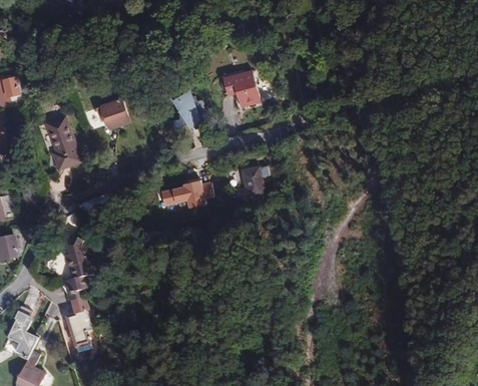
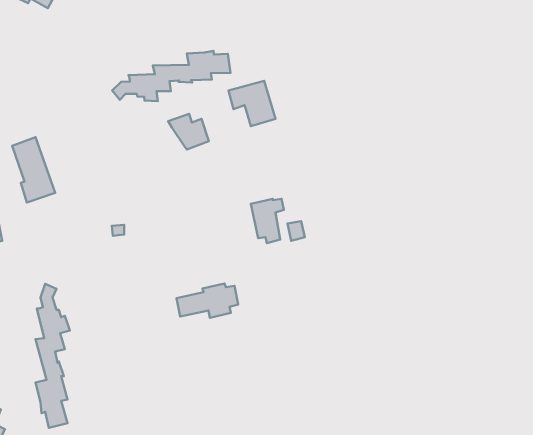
building: none -> [112,51,231,101]
building: [97,98,129,129] -> none
building: [161,177,211,206] -> [177,283,238,318]

